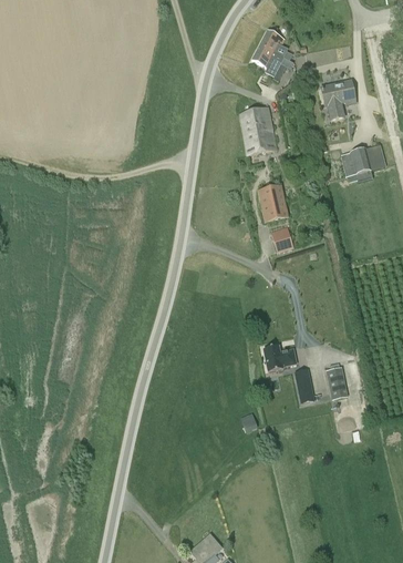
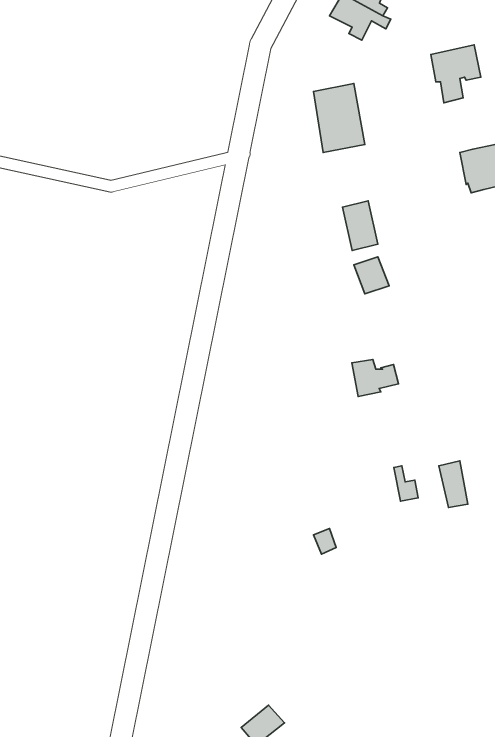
building: [265,345,297,370] -> [352,360,398,397]

